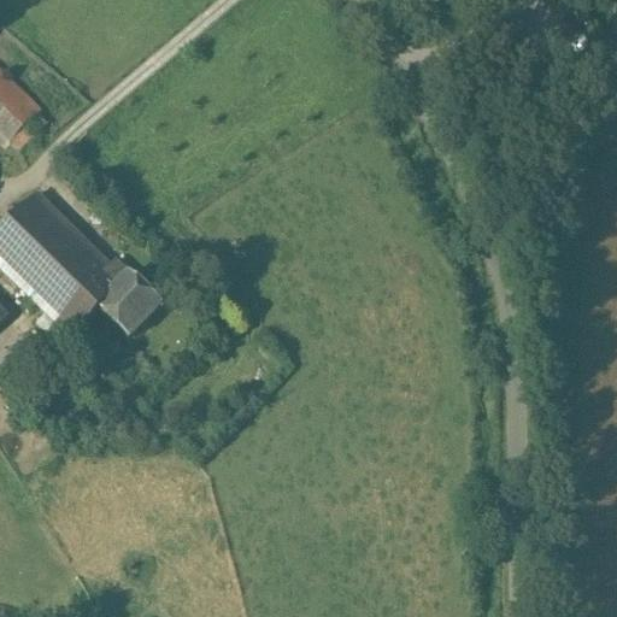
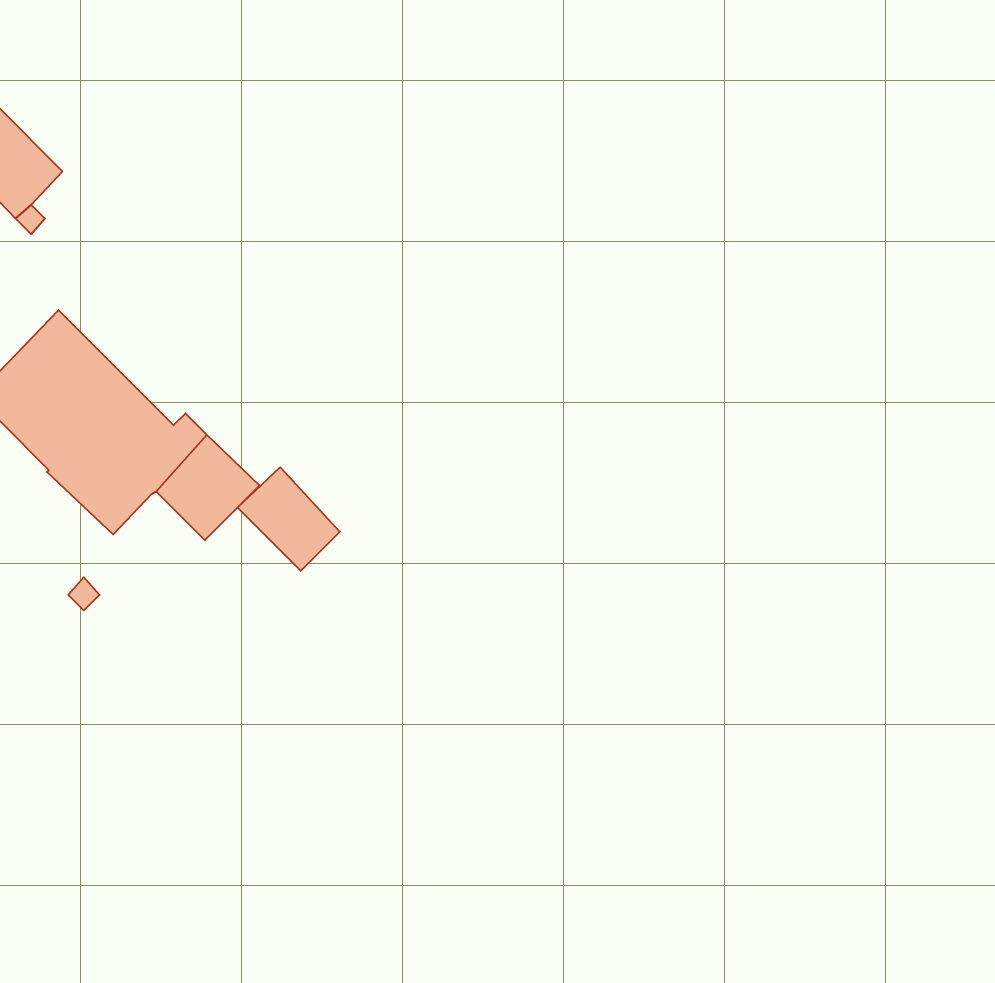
building: none -> [238,467,340,571]

